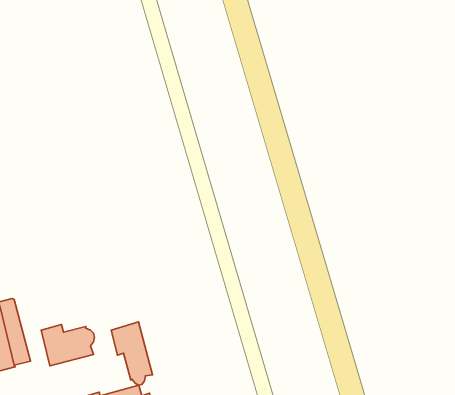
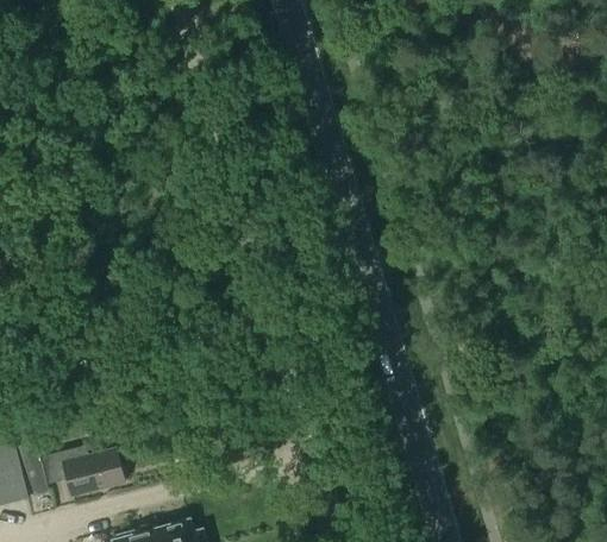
building: [111,322,153,385] -> none

